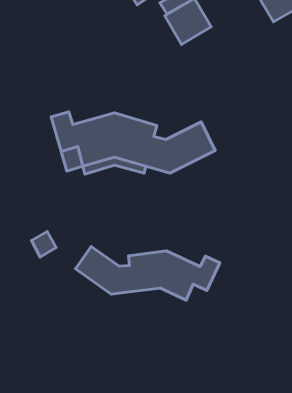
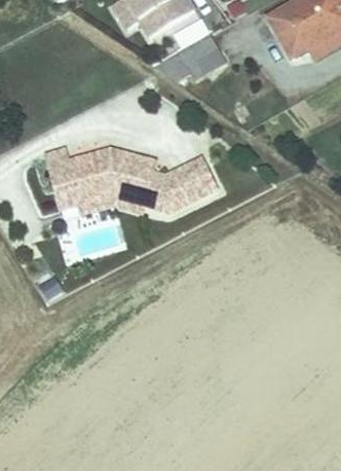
building: [75,246,220,300] -> none

